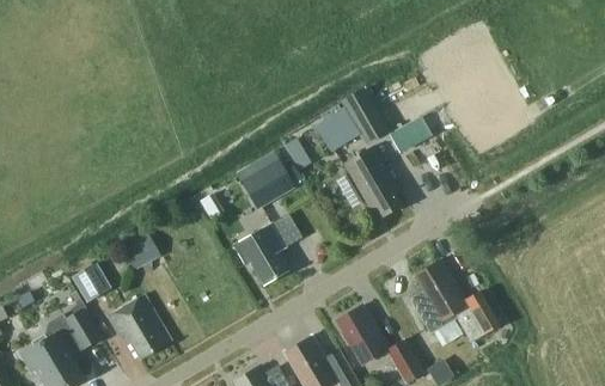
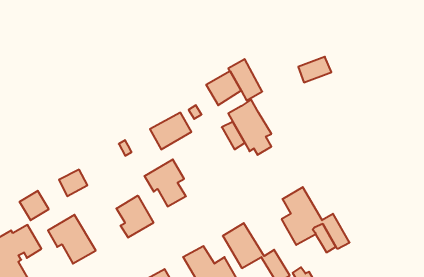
building: [390,115,433,148] -> [298,57,331,82]
building: none -> [116,196,153,238]

